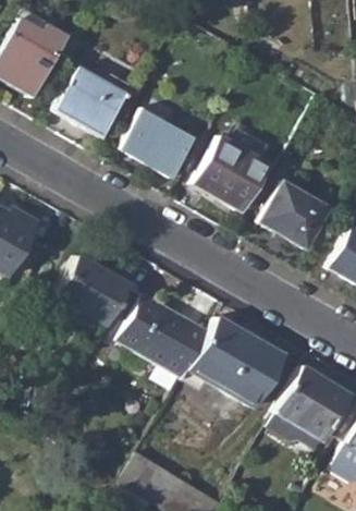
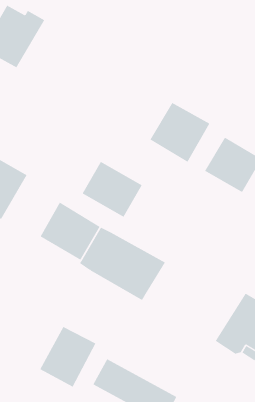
building: [54,68,125,136] -> none
building: [120,108,194,177] -> [82,161,142,217]
building: [188,319,287,411] -> none
building: none -> [40,326,96,387]

